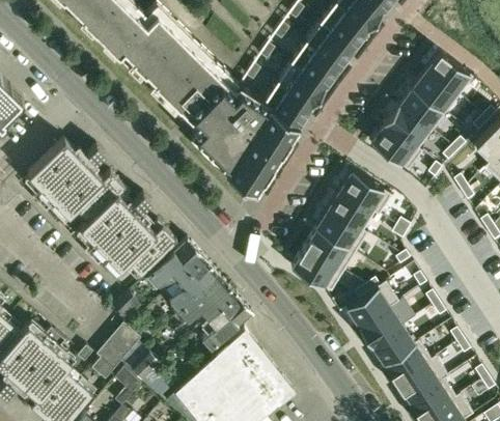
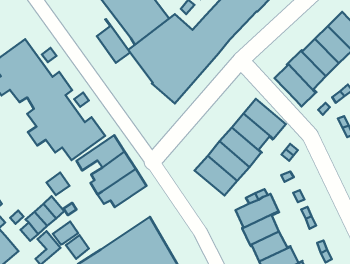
building: none -> [97,19,130,63]
building: [201,297,253,353] -> none

